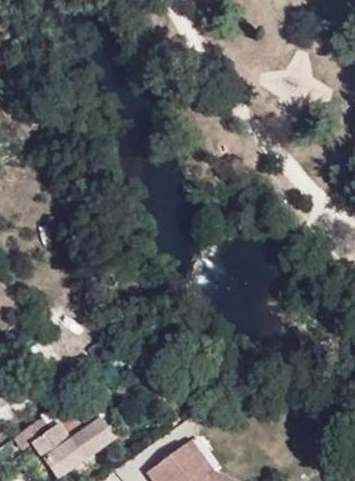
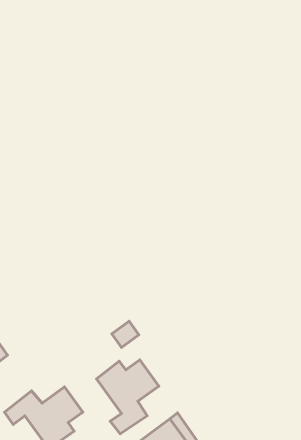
building: none -> [96,360,159,434]

